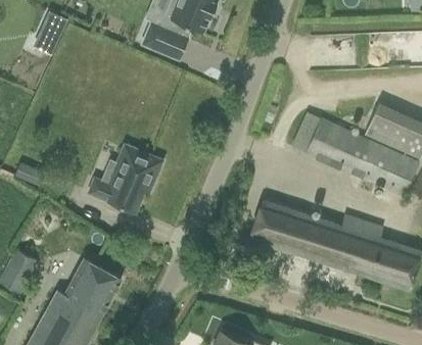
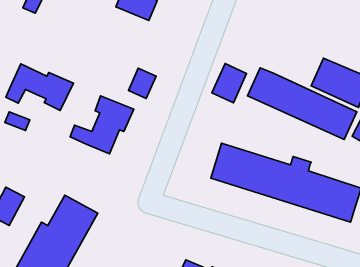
building: none -> [212,64,247,103]
building: none -> [6,64,73,111]
building: none -> [128,68,156,98]

